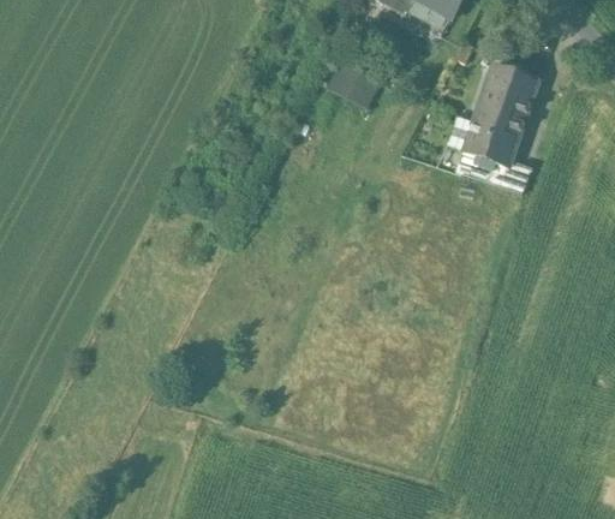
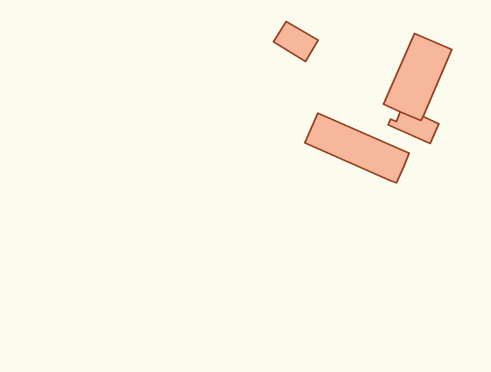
building: none -> [305,113,409,183]

